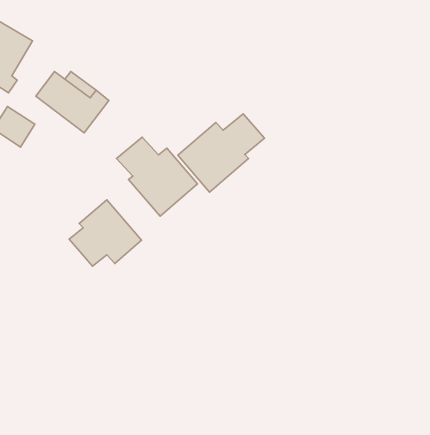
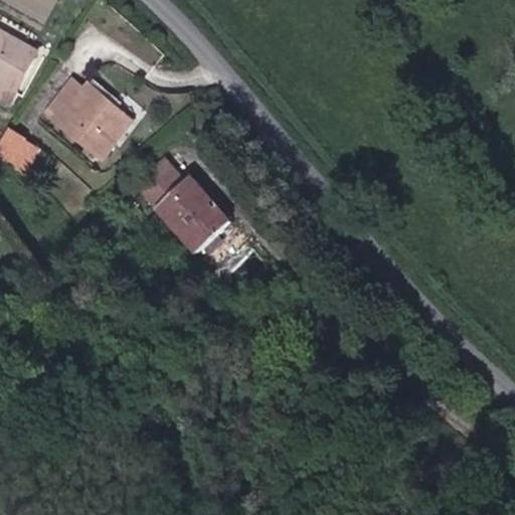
building: [178,114,265,192] -> none
building: [69,200,142,266] -> none

